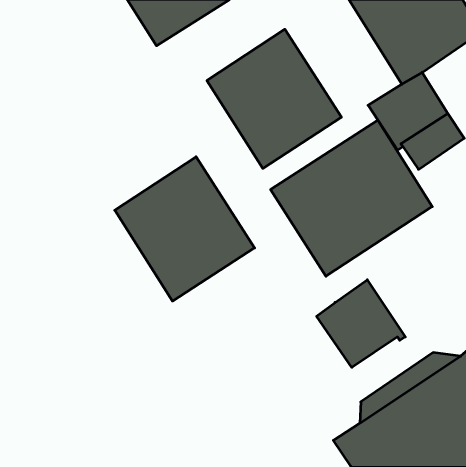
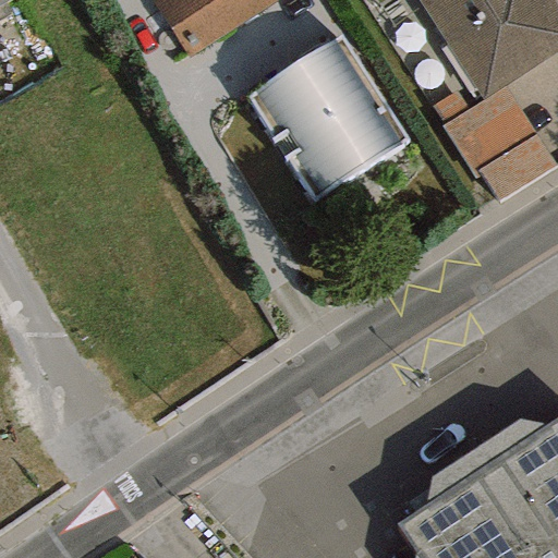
building: [271,120,432,276] -> none
building: [115,157,255,301] -> none
building: [317,280,405,367] -> none

